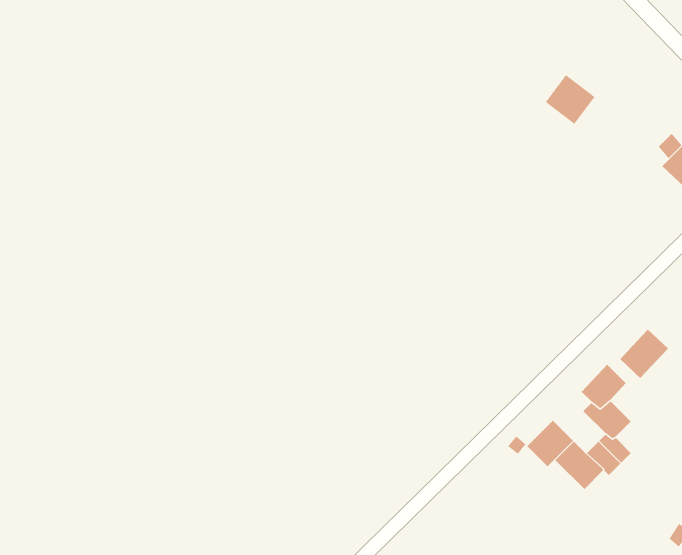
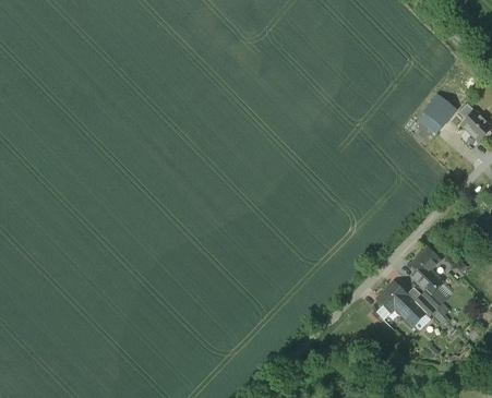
building: [545,74,596,125] -> [423,95,455,126]
building: [619,329,669,379] -> none

